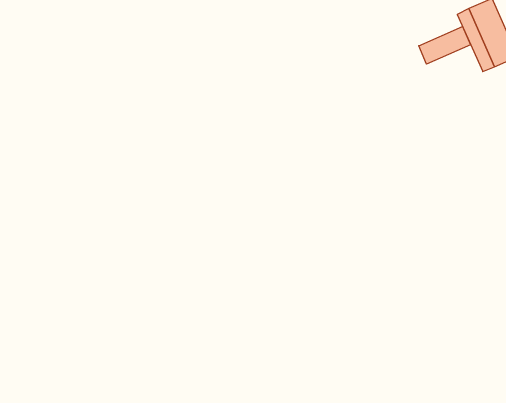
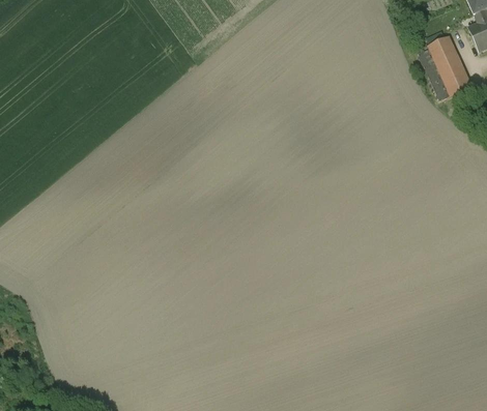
building: [419,26,470,64] -> none

